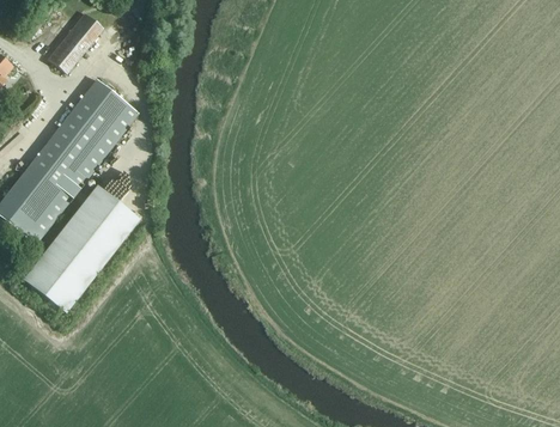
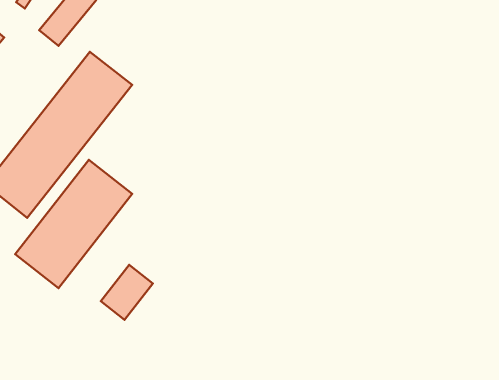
building: none -> [101,265,153,320]

